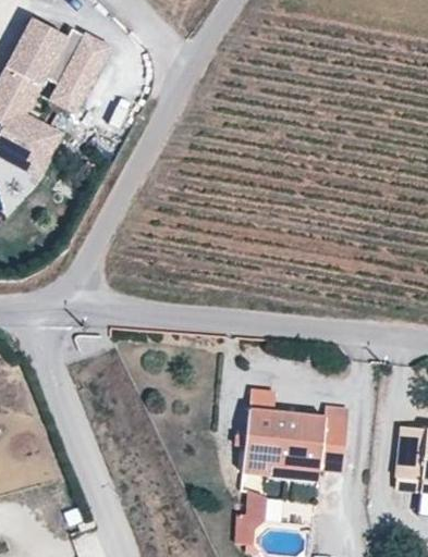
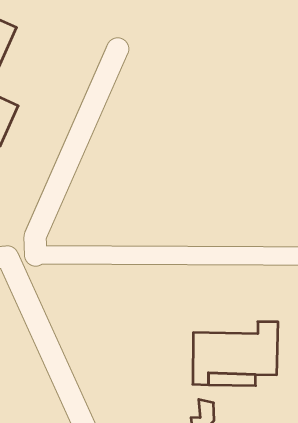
building: [53,37,105,106] -> none

